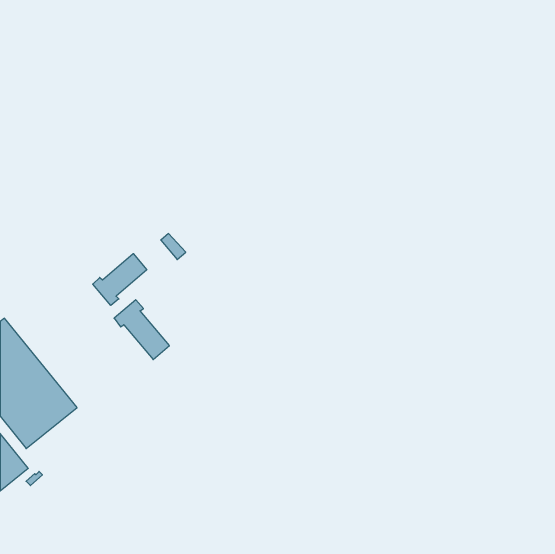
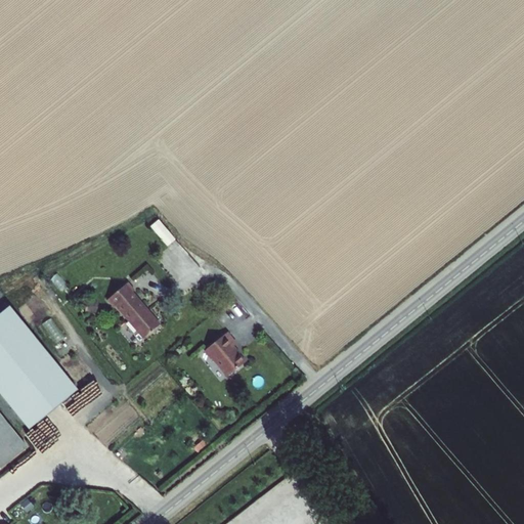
building: [93,254,147,305] -> none
building: none -> [207,331,247,375]

